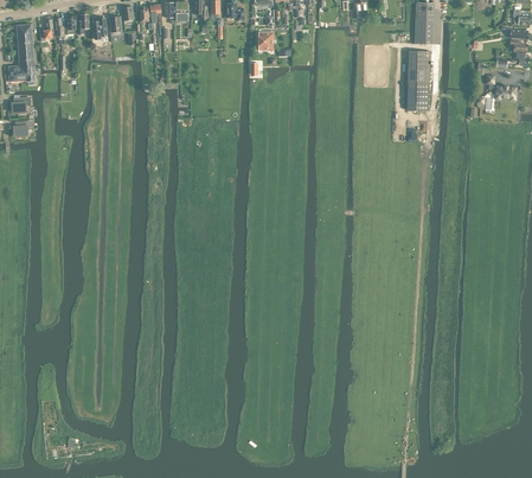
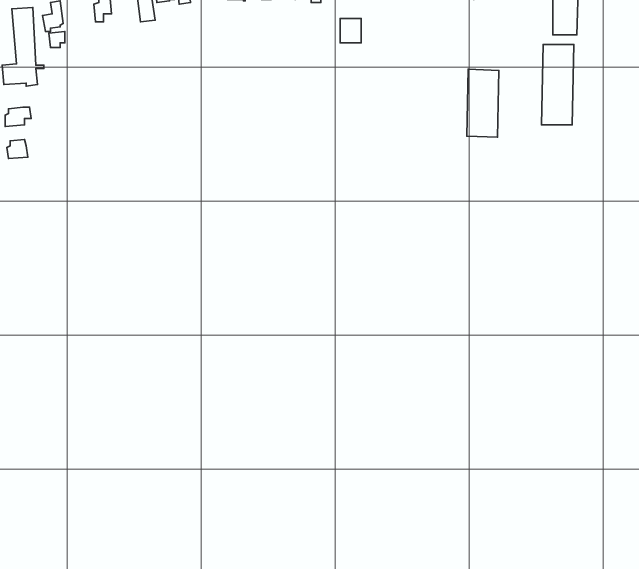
building: none -> [467,69,499,137]

